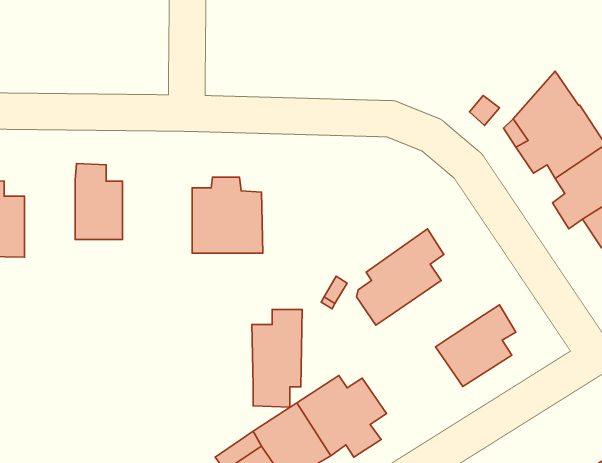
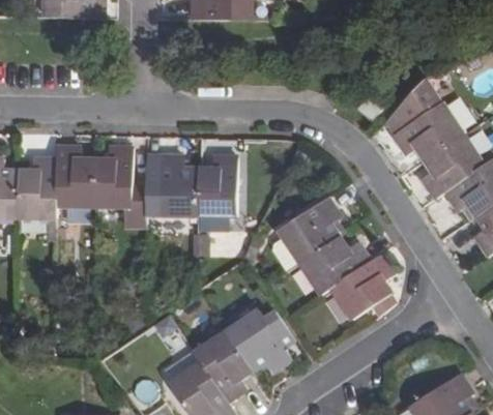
building: none -> [94,149,147,207]
building: none -> [20,160,58,220]
building: none -> [300,237,370,295]
building: [252,309,302,407] -> [200,158,238,233]

